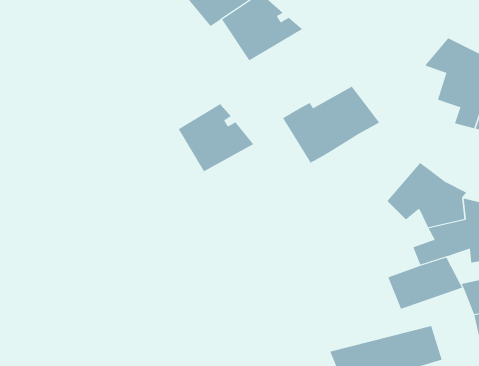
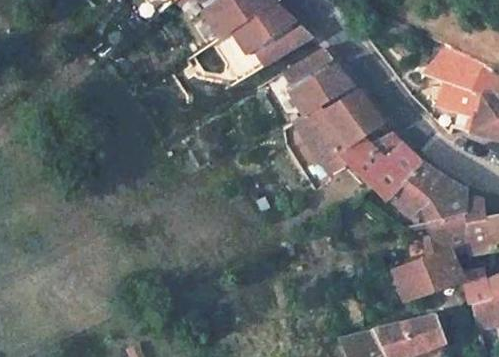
building: [178,103,254,172] -> [285,48,356,112]
building: none -> [336,135,422,203]

